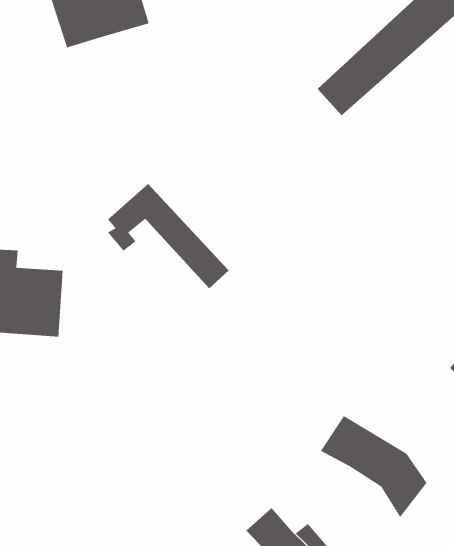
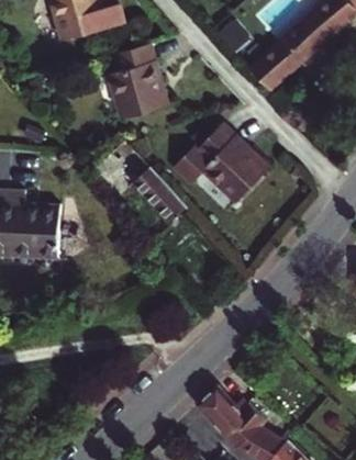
building: none -> [110,44,168,117]
building: none -> [178,124,269,202]
building: [320,415,427,518] -> none

